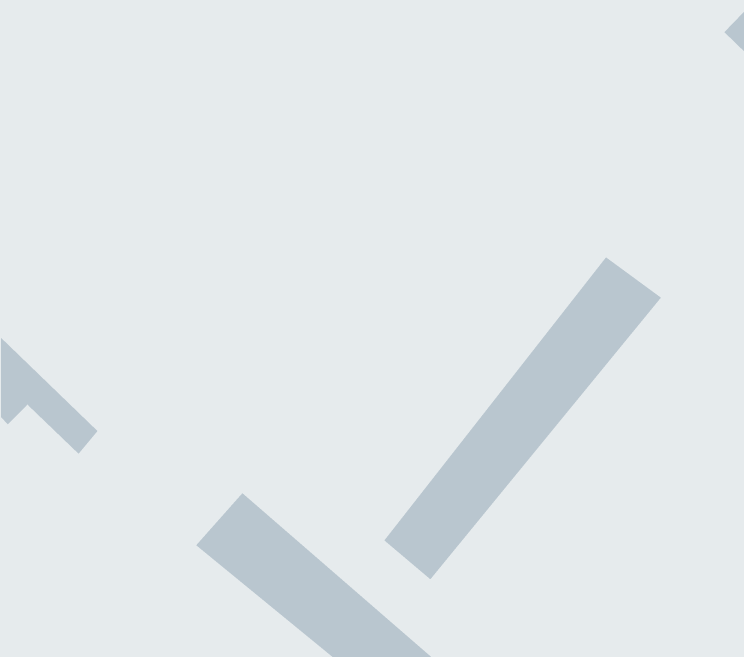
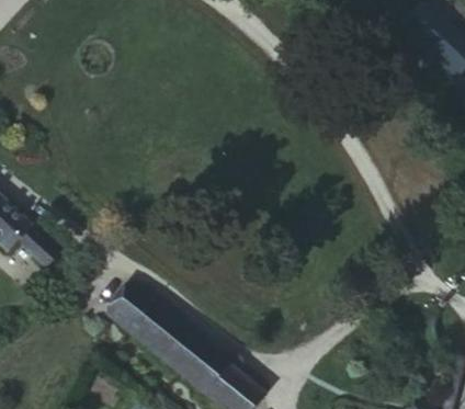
building: [383,256,662,581] -> none

